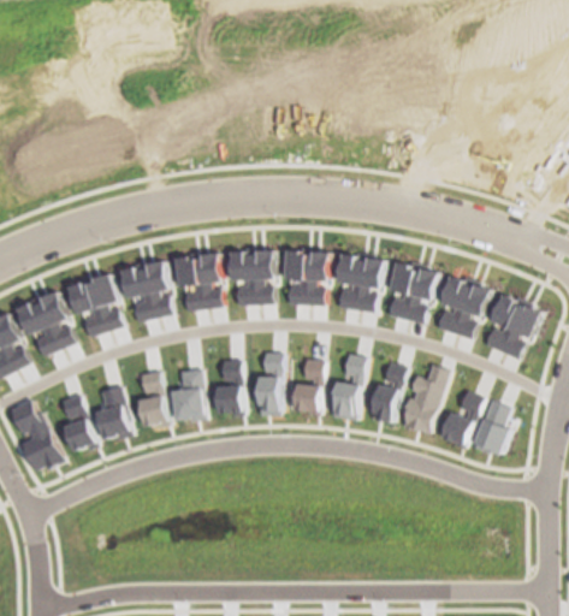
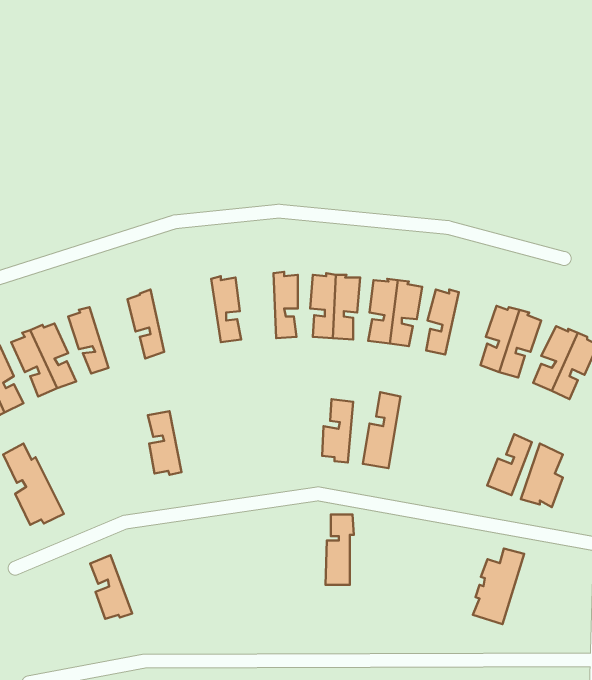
building: [229,247,253,304] -> none
building: [174,251,203,312] -> none
building: [141,259,170,316] -> none
building: [403,263,435,324] -> none
building: [87,272,121,331] -> none
building: [256,353,281,415] -> [325,515,354,585]
building: [215,360,242,415] -> none
building: [371,362,403,422] -> none
building: [401,365,446,432] -> [473,548,524,624]
building: [171,368,205,421] -> none
building: [96,385,131,439] -> none
building: [60,393,97,450] -> [90,555,132,619]

